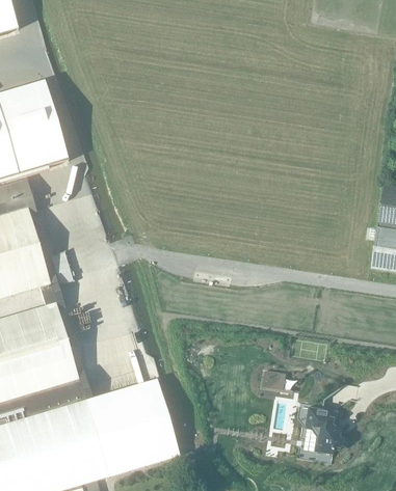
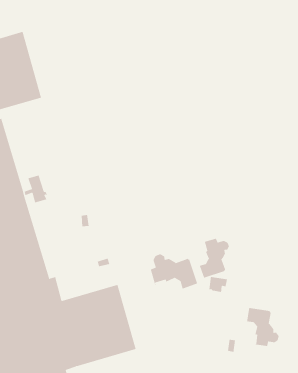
building: none -> [198,238,230,279]
building: none -> [150,254,198,291]

